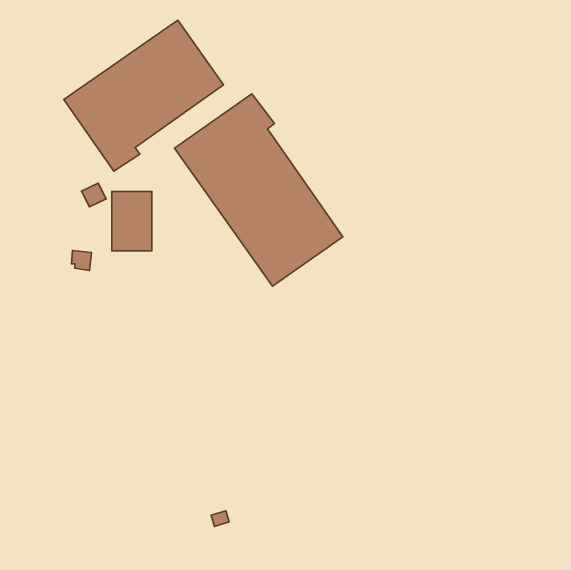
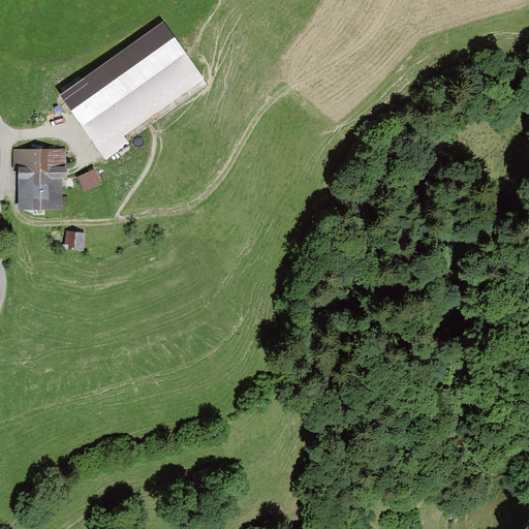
building: [175,94,343,286] -> none
building: [112,192,152,251] -> [20,156,57,211]

